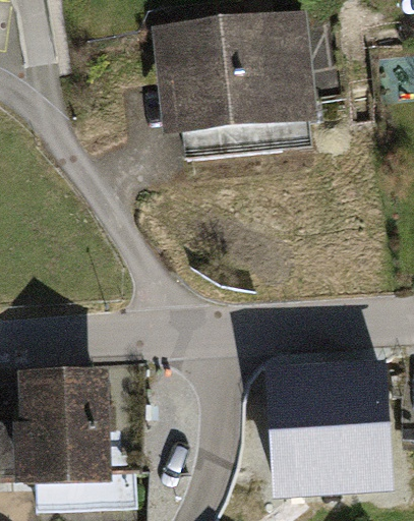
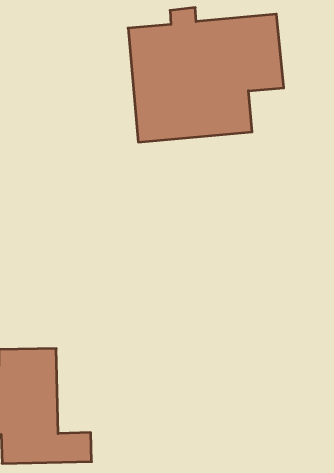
building: [268,371,385,488] -> none

